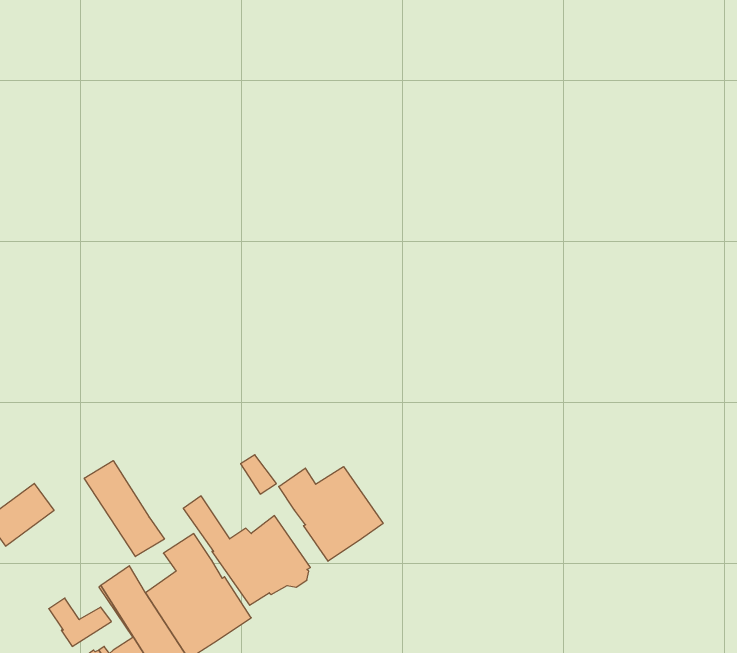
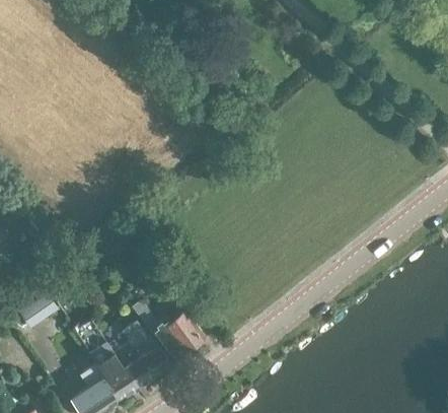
building: [84,461,164,557] -> none
building: [279,467,383,561] -> none

